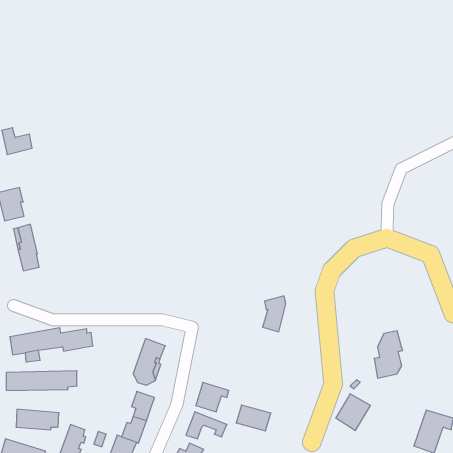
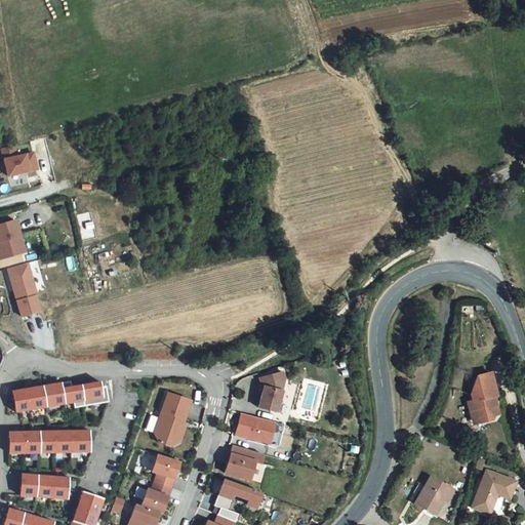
building: [263,296,286,332] -> [258,368,285,409]
building: [374,331,403,378] -> [470,374,502,429]
building: [336,394,371,430] -> [419,475,459,517]
building: [236,405,271,431] -> [235,410,275,440]

